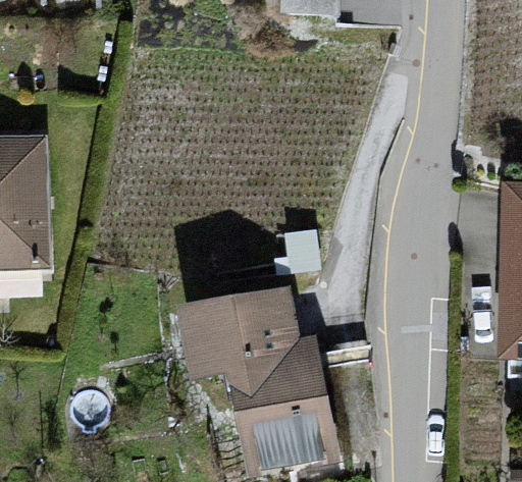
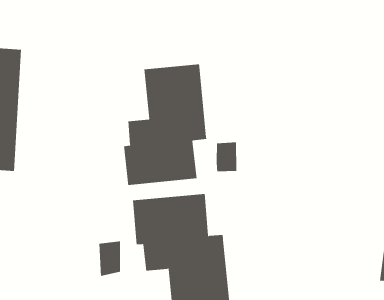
building: none -> [123,64,207,186]

